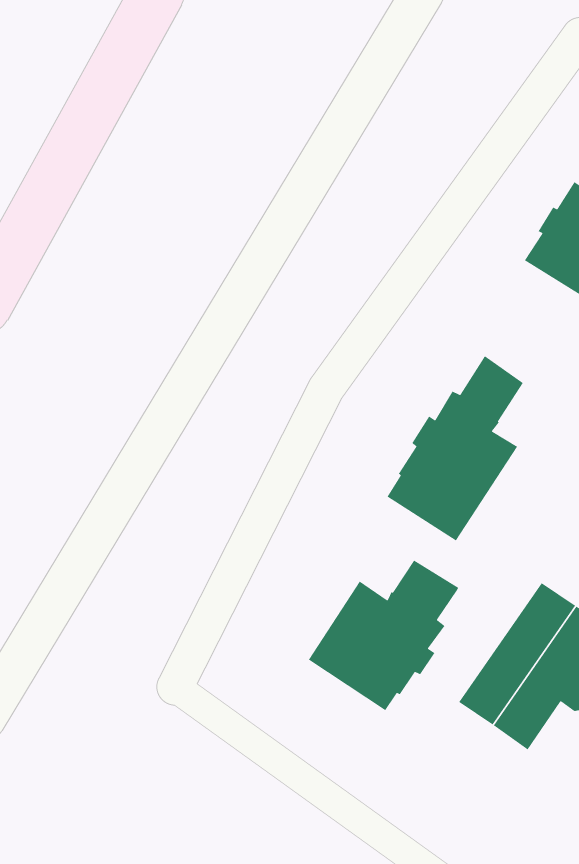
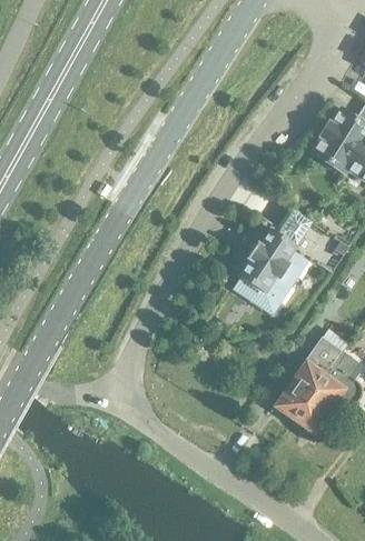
building: [308,560,459,711] -> none

